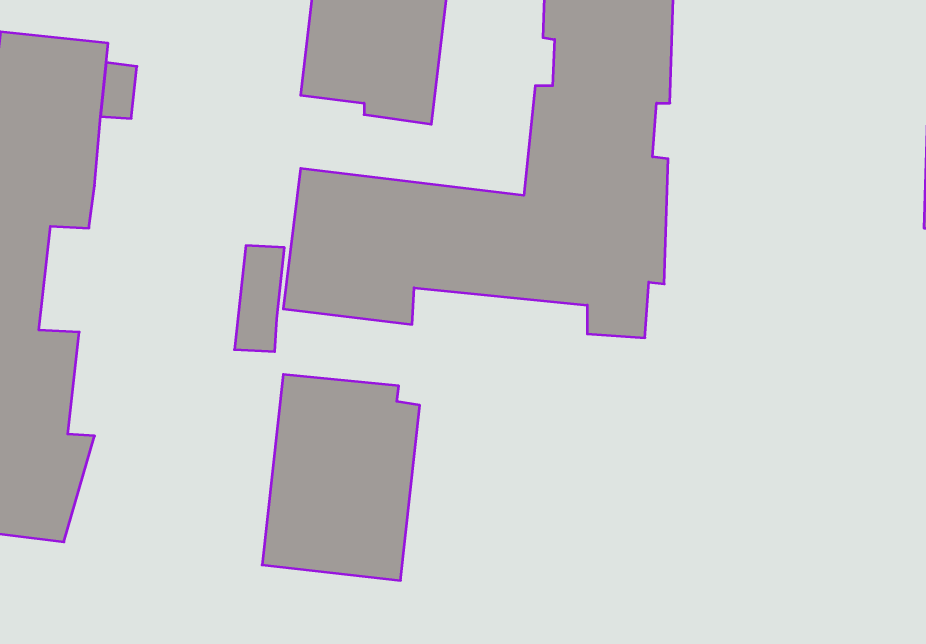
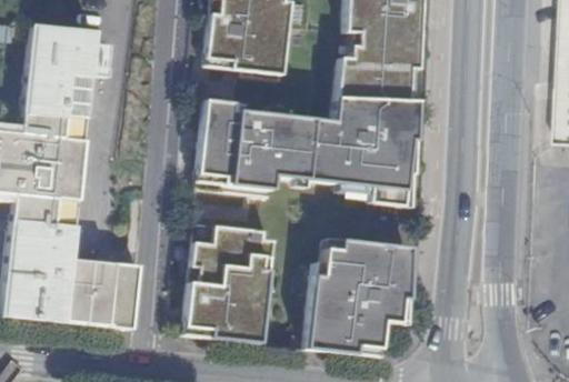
building: [234,246,284,352] -> [53,138,82,199]
building: none -> [308,237,411,355]
building: none -> [68,259,138,326]

